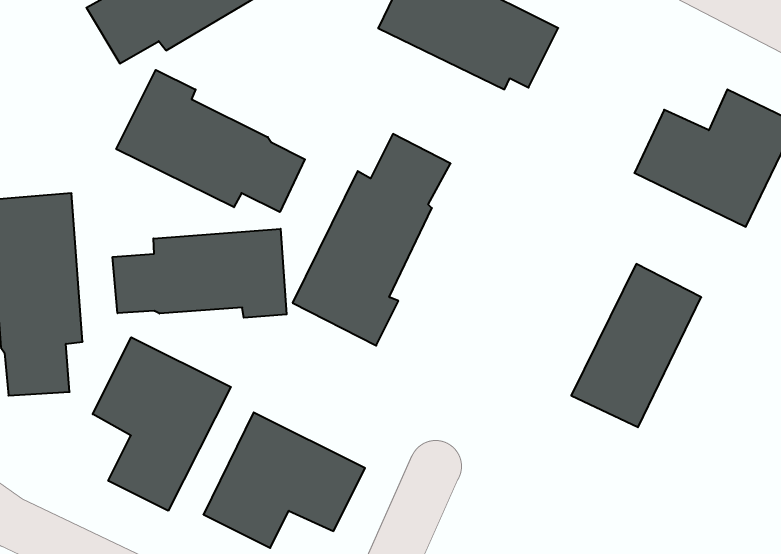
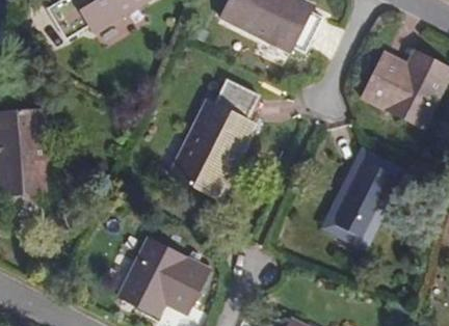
building: [116,70,305,212] -> none
building: [113,229,287,318] -> none
building: [93,337,231,511] -> none

